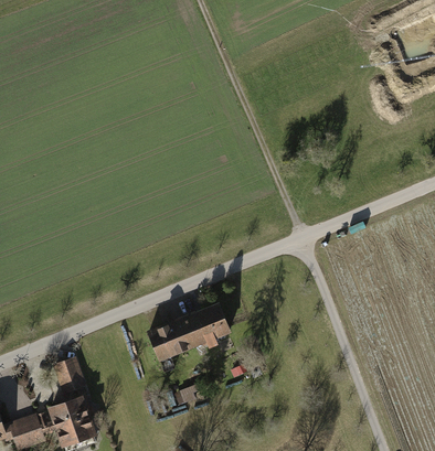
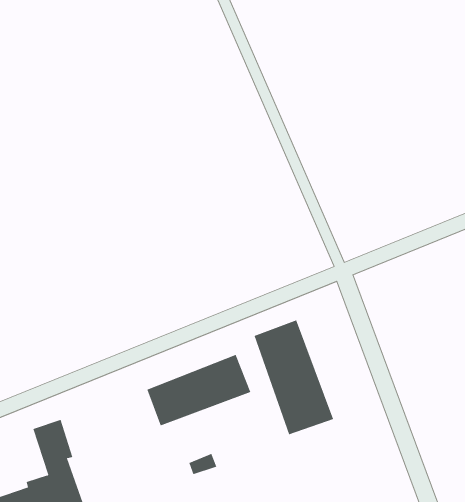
building: none -> [254,319,334,435]

